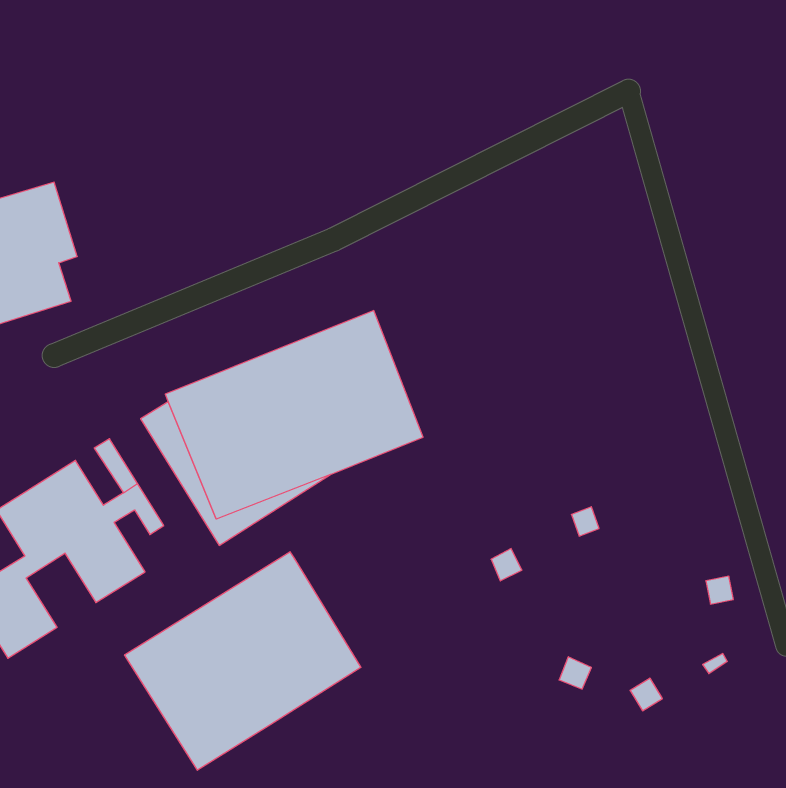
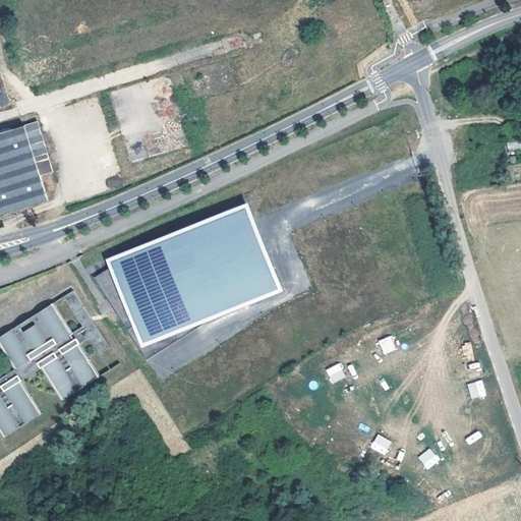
building: [125,552,361,770] -> none

